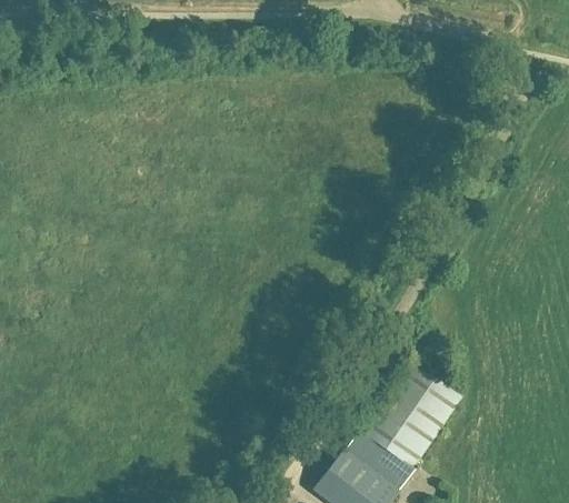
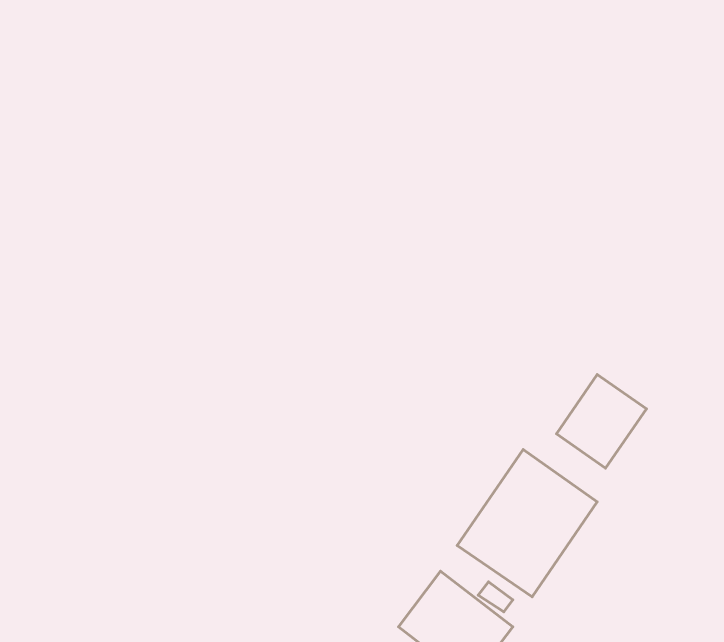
building: none -> [556,375,646,468]

